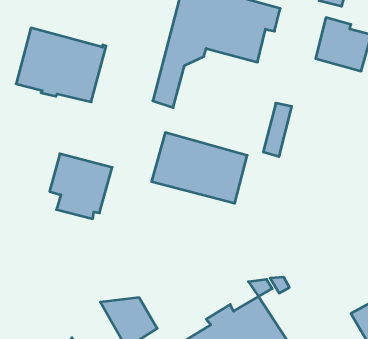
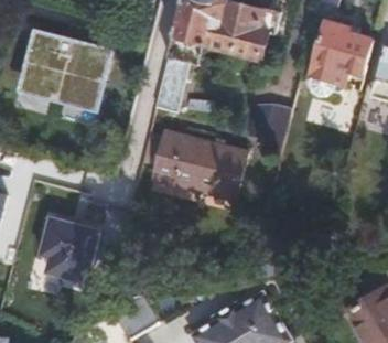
building: [50,154,112,219] -> [39,217,99,280]

